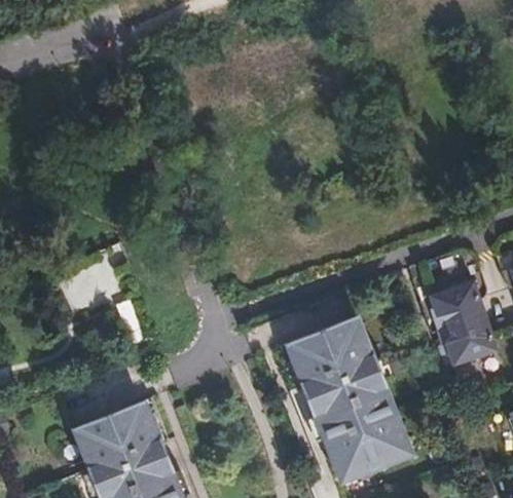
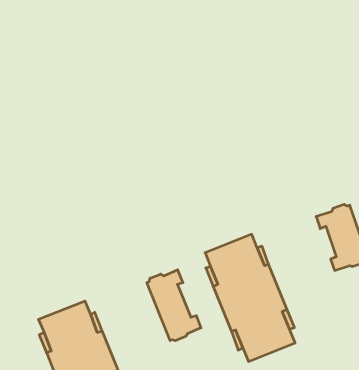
building: none -> [147,270,201,341]

